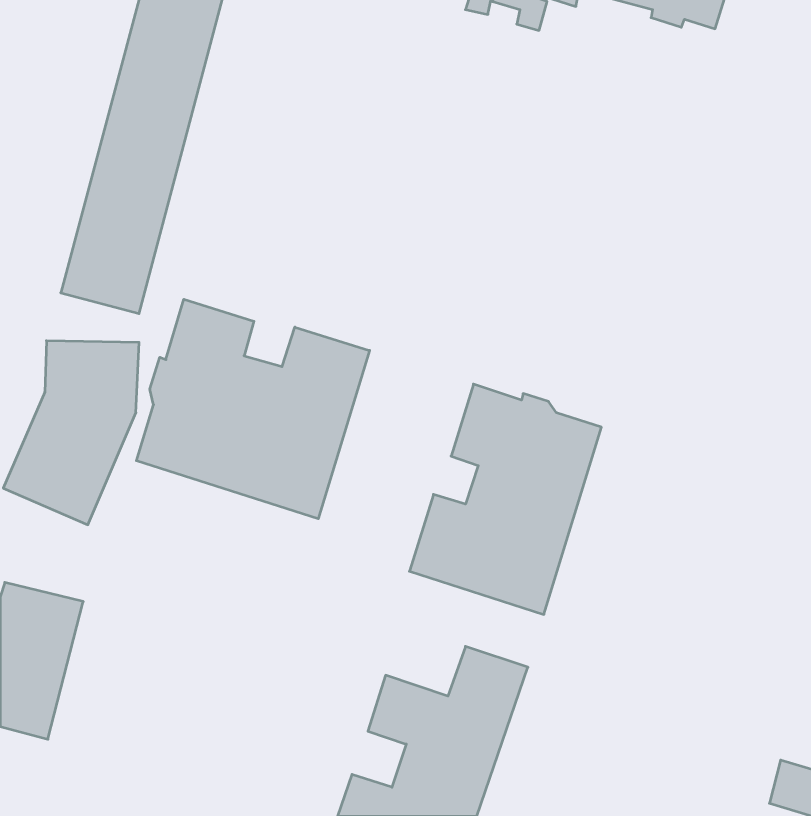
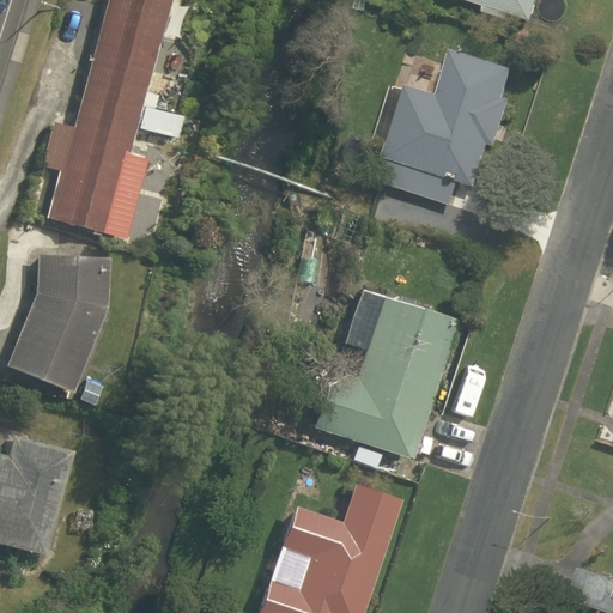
building: none -> [384,49,521,206]
building: [136,299,370,519] -> none

